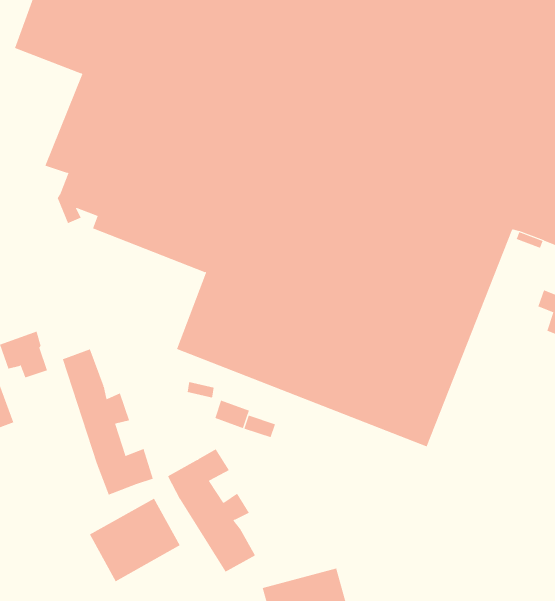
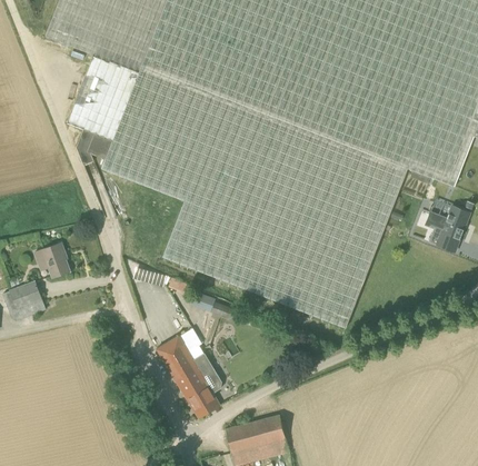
building: [62,348,153,495] -> none
building: [89,498,181,582] -> none

